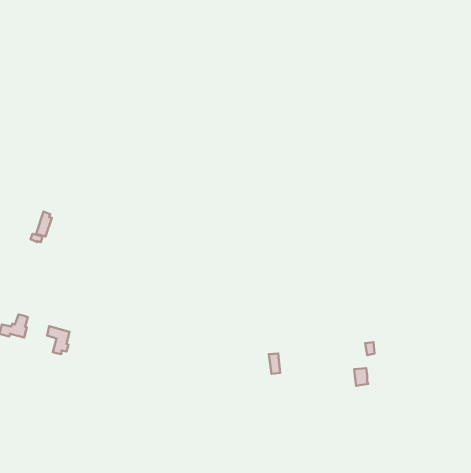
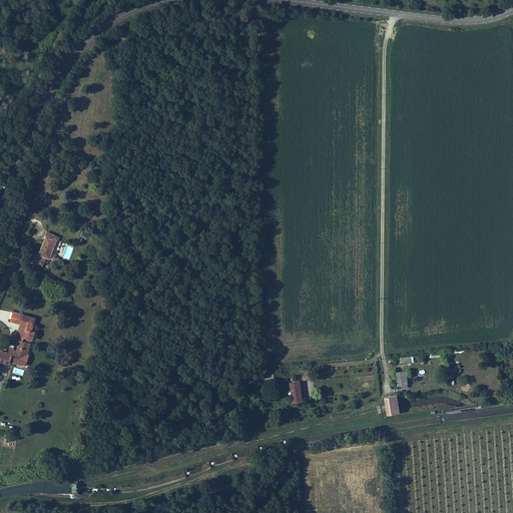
building: [47,326,69,354] -> [10,312,34,342]

